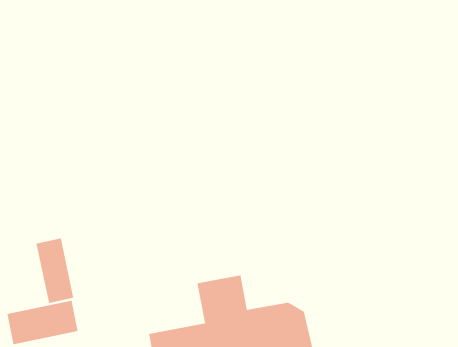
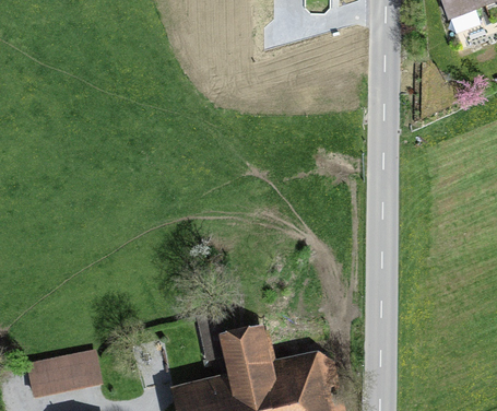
building: [36,237,74,304] -> none

